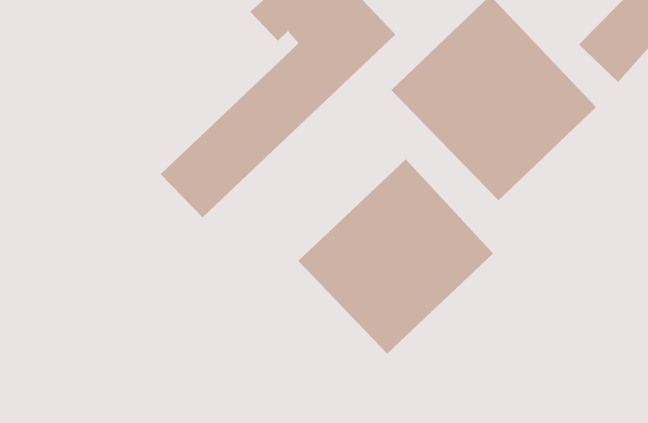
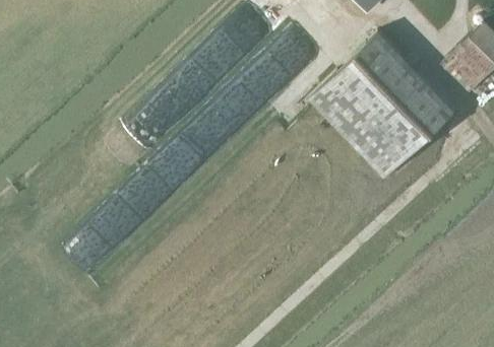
building: [298,158,494,354] -> none

